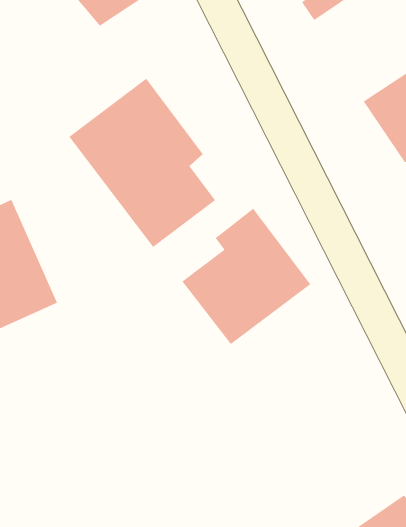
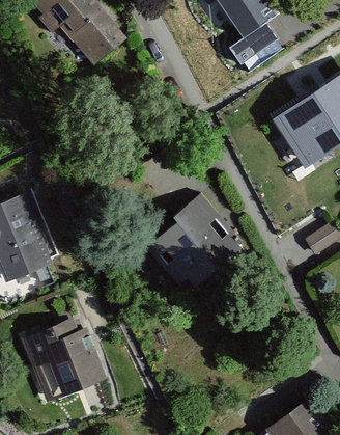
building: [69,78,216,248] -> none
building: none -> [21,316,108,404]

